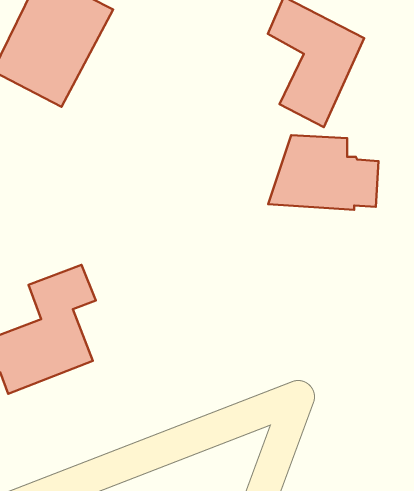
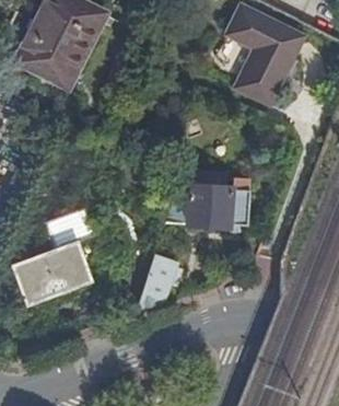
building: [268,135,379,210] -> [166,172,250,229]
building: none -> [137,256,183,313]

